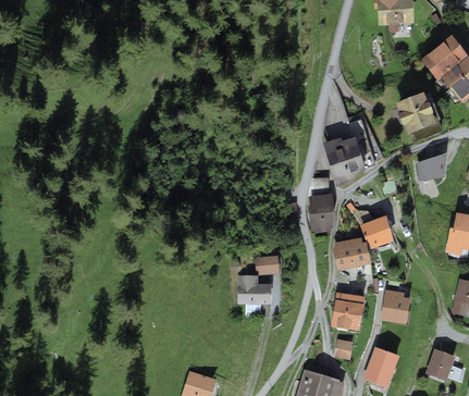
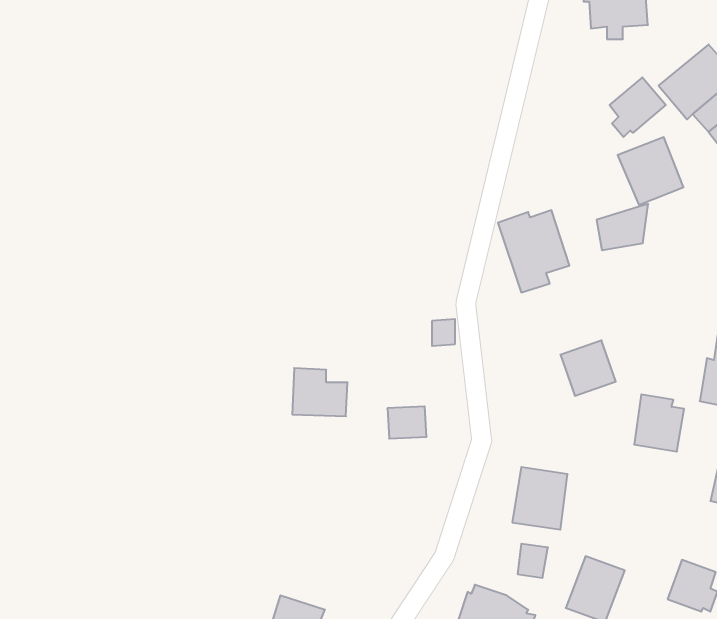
building: none -> [610,77,666,137]
building: [416,152,447,181] -> [597,204,648,250]
building: [308,194,334,233] -> none
building: [333,237,370,271] -> none
building: [237,275,271,305] -> [292,368,348,416]
building: [381,289,411,324] -> [634,394,684,452]

